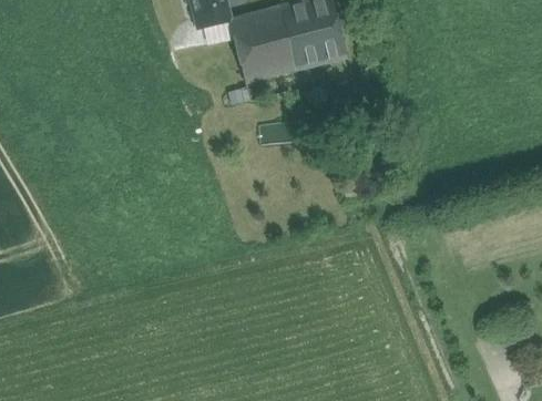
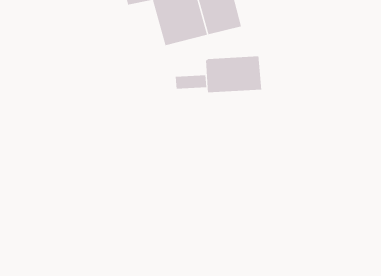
building: none -> [205,56,262,93]

